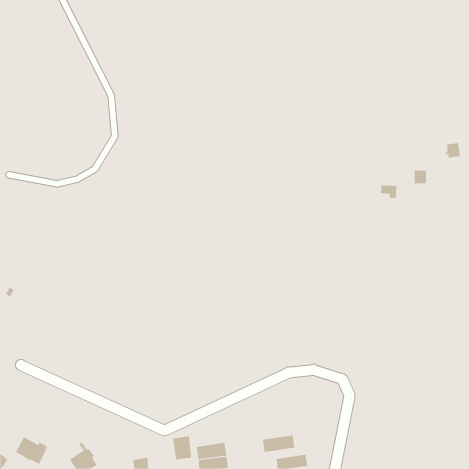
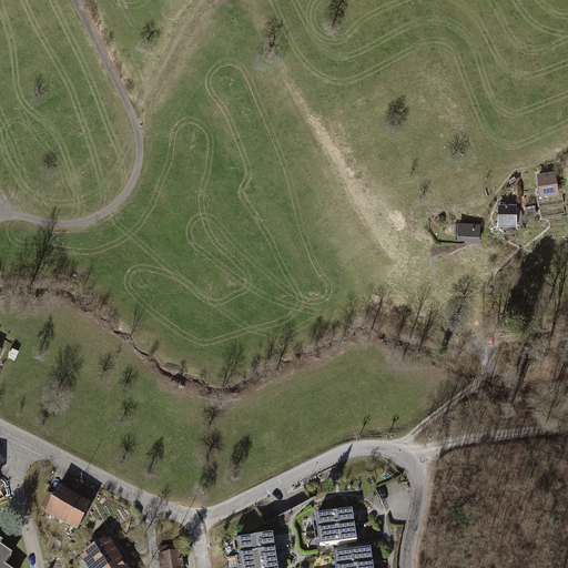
building: none -> [314,509,354,530]
building: [173,436,192,460] -> none
building: [15,436,48,465] -> [48,491,88,526]

